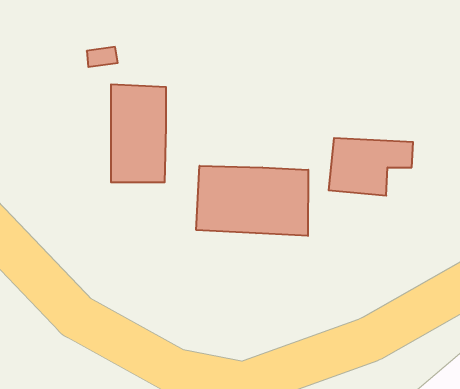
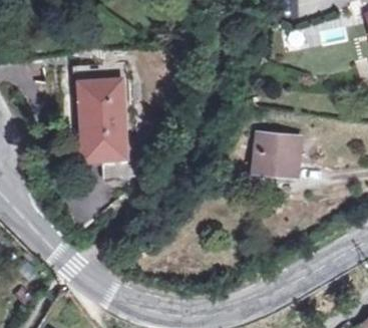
building: [196,166,308,236] -> none

